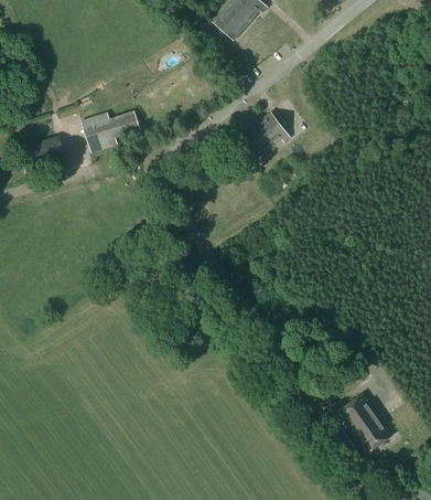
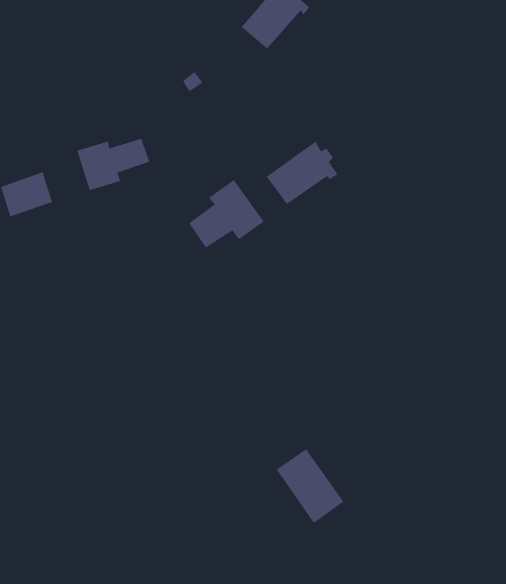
building: none -> [188,179,264,249]
building: [338,394,392,454] -> [276,449,344,524]

